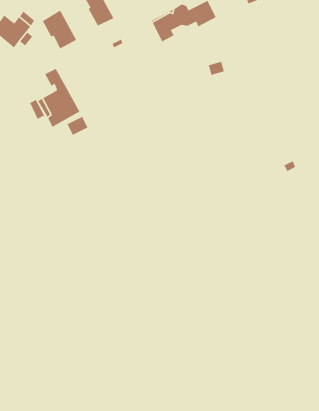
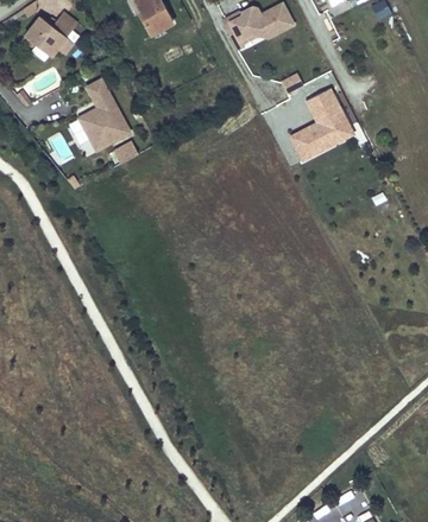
building: [42,9,77,50] -> none
building: none -> [288,85,354,160]

